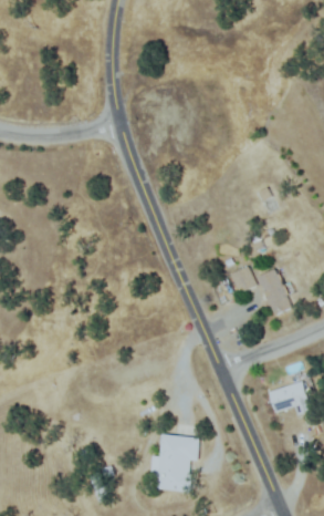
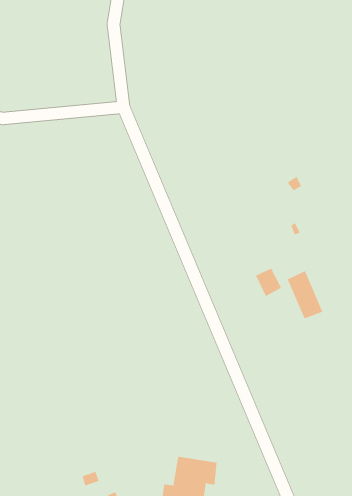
building: [269,382,311,414] -> none

